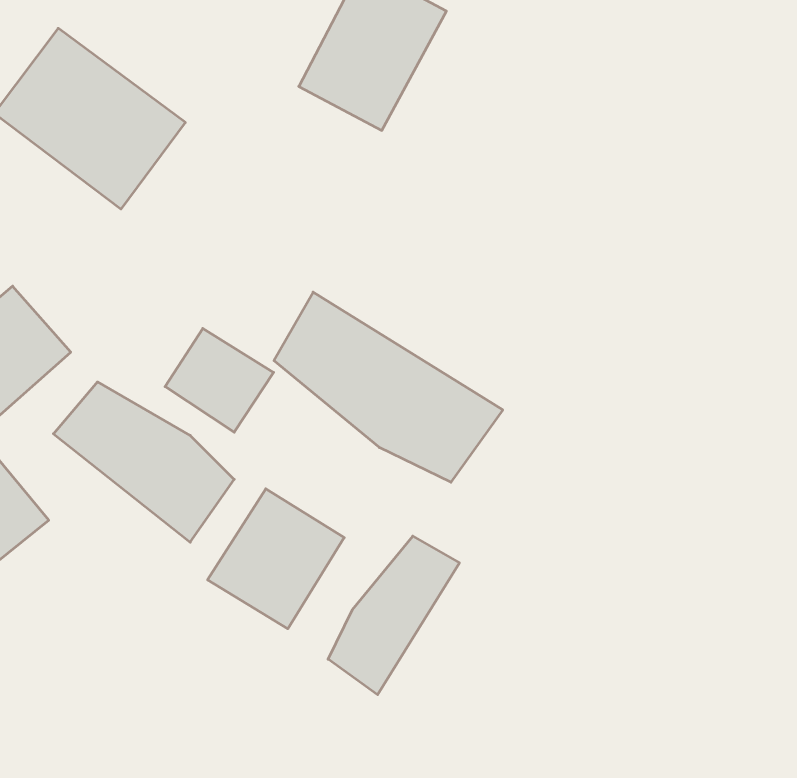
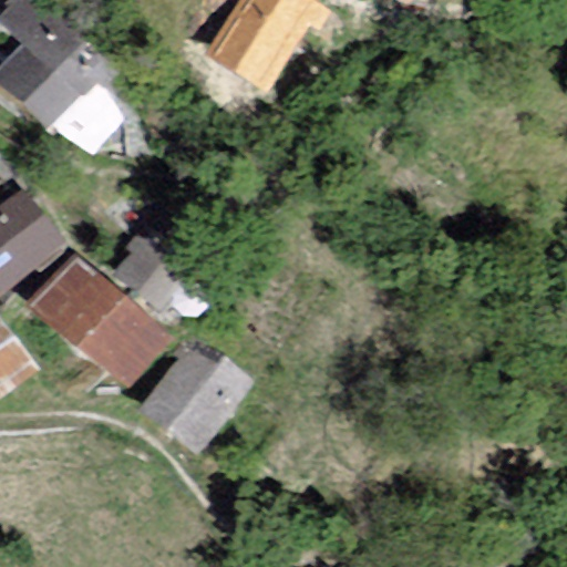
building: [274,292,503,482] -> none
building: [328,536,459,695] -> none

